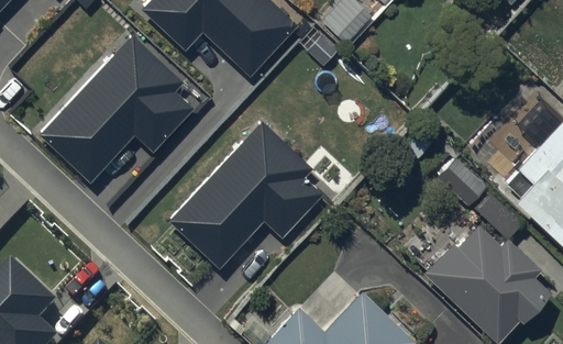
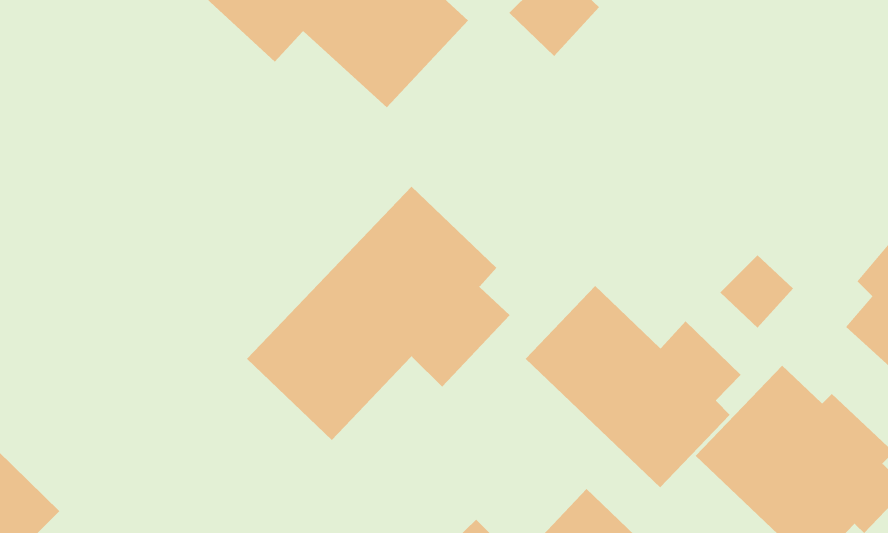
building: [38,35,192,182] -> none
building: none -> [525,285,742,488]

